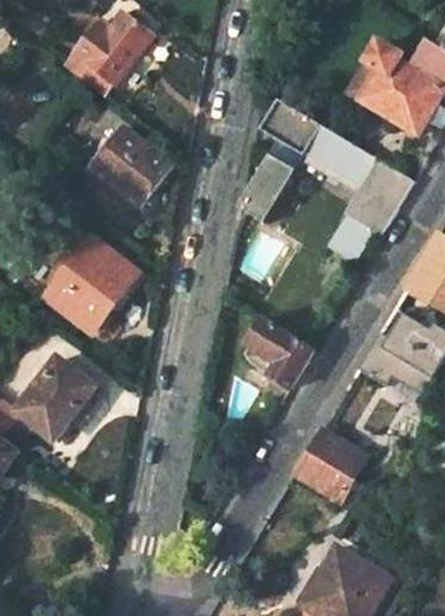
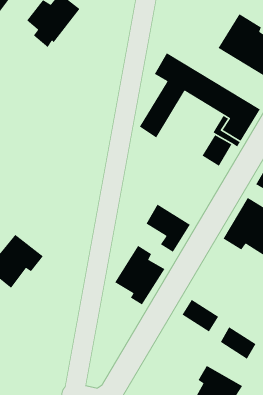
building: [89,126,167,203] -> none
building: [47,239,136,331] -> none
building: none -> [114,245,165,306]
building: [311,431,364,479] -> [220,326,256,360]

